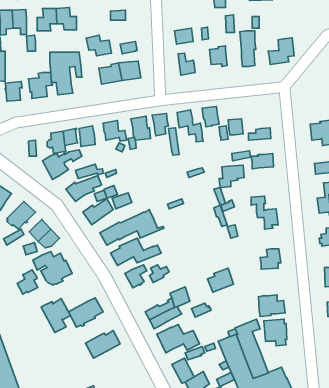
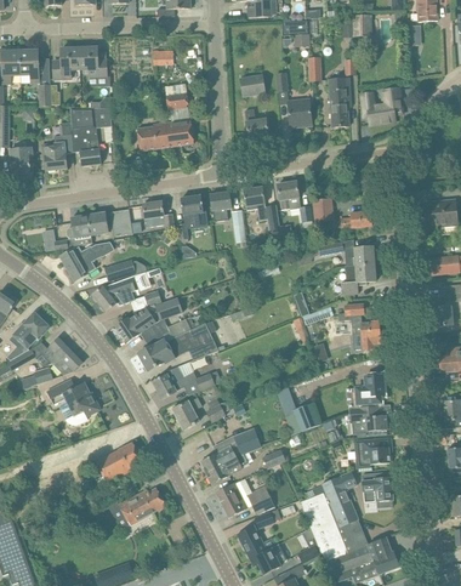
building: [86,35,112,56] -> none
building: [219,165,244,187] -> [341,263,375,294]
building: [17,270,38,294] -> none
building: none -> [348,404,388,432]
building: [41,299,70,332] -> none

